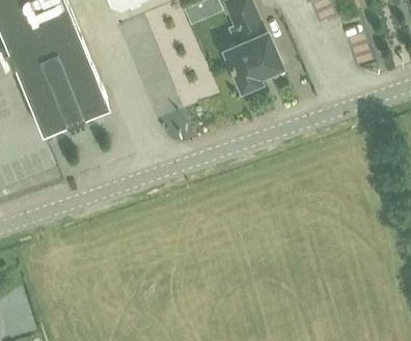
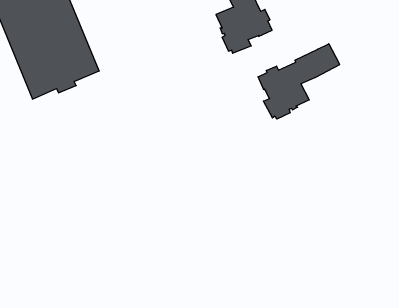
building: none -> [258,44,340,119]

